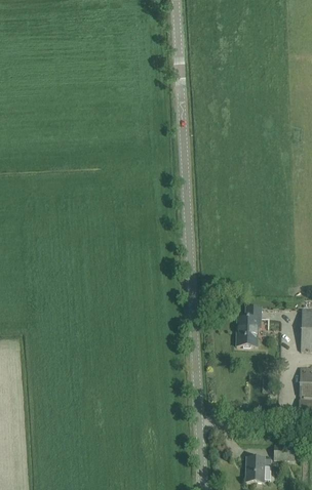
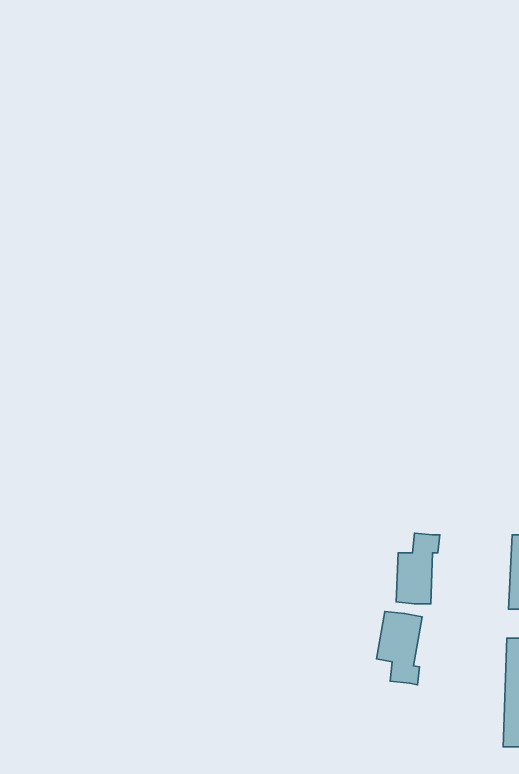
building: none -> [377,611,422,685]

